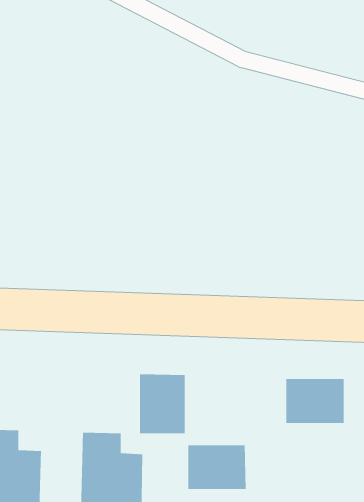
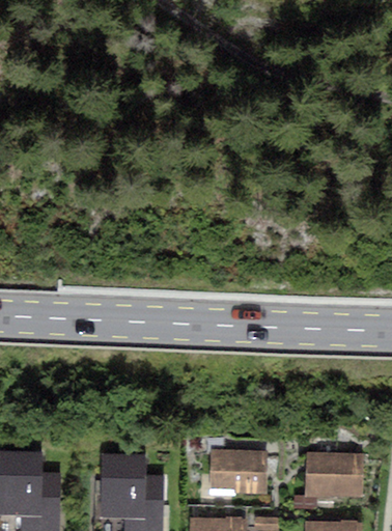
building: [139,374,185,434] -> none
building: [286,378,345,424] -> [305,454,364,500]

